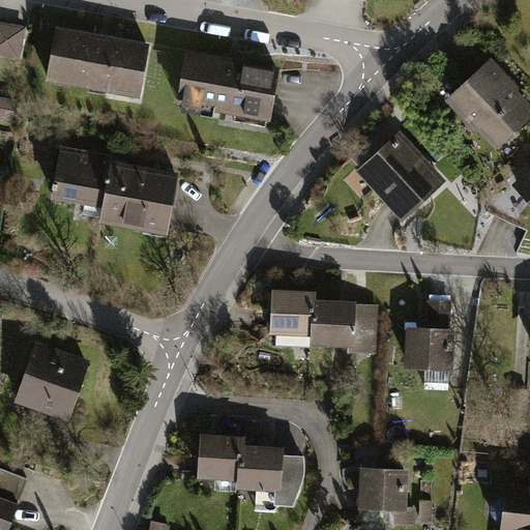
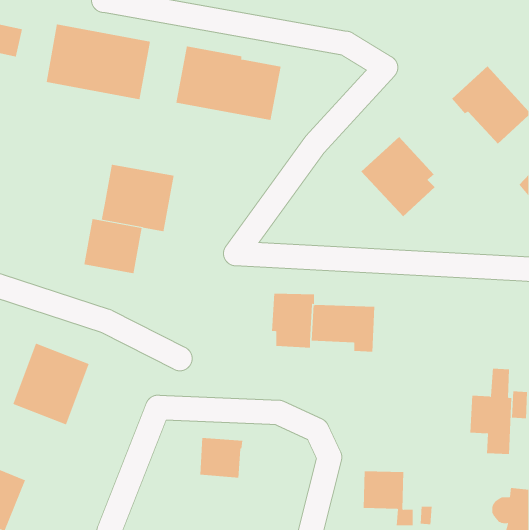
building: [53,150,112,205] -> [83,219,143,274]
building: [407,302,449,388] -> [469,368,512,455]
building: [238,448,301,510] -> none

